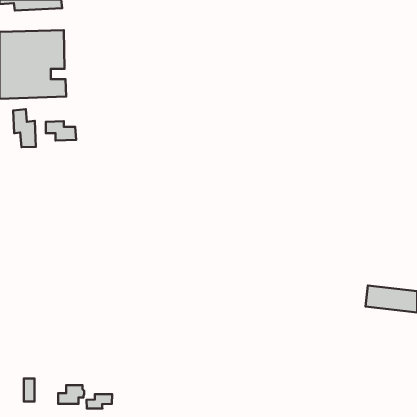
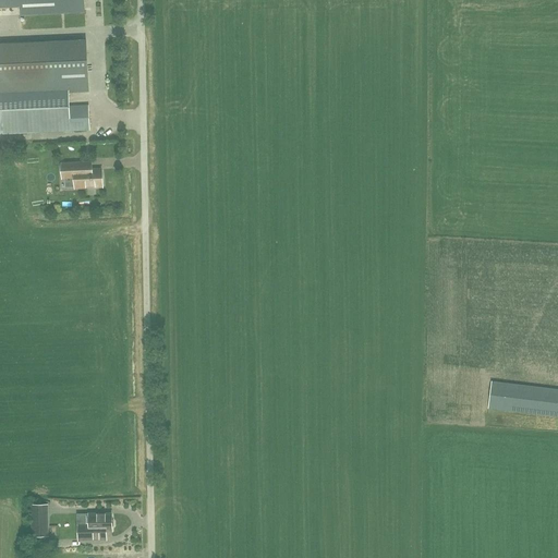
building: [13,109,36,147] -> none
building: [87,394,112,409] -> none

